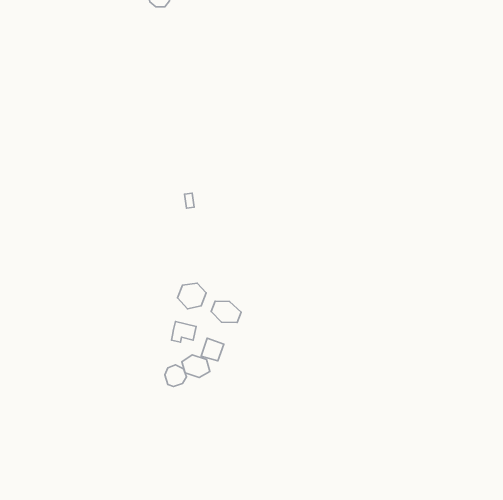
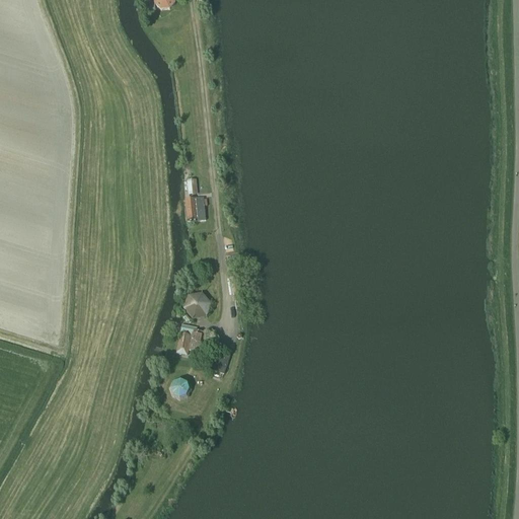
building: [211,301,241,323] -> none
building: [182,355,210,377] -> none

